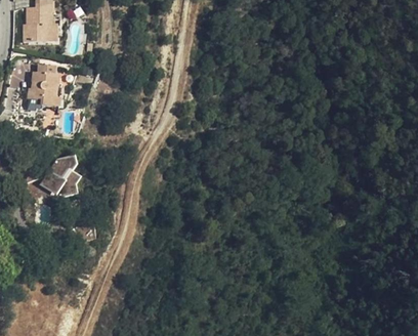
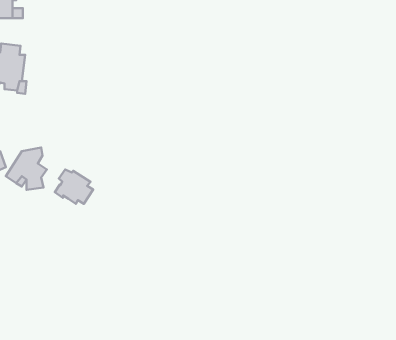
building: none -> [55,169,93,204]

